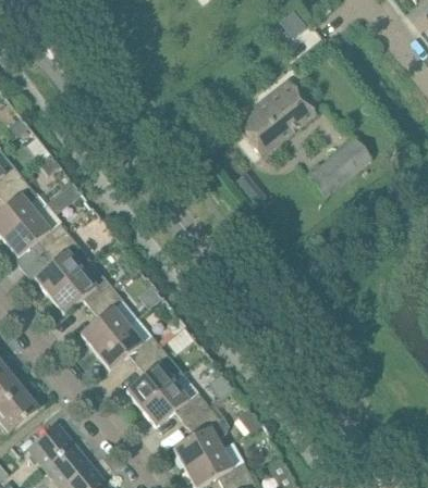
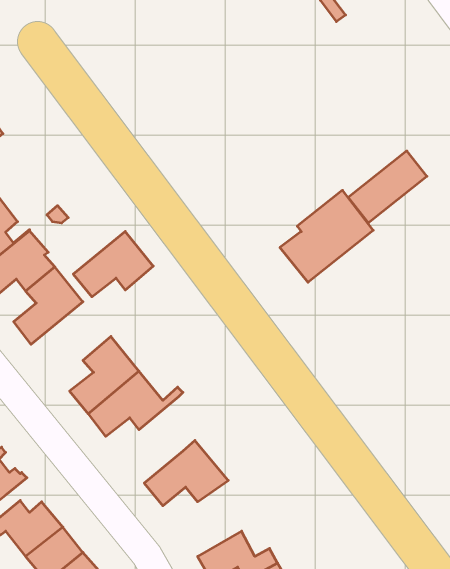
building: [237,80,314,155] -> [280,190,373,282]
building: [48,261,113,314] -> [73,231,153,297]
building: [125,338,182,409] -> none
building: [172,406,229,468] -> none

